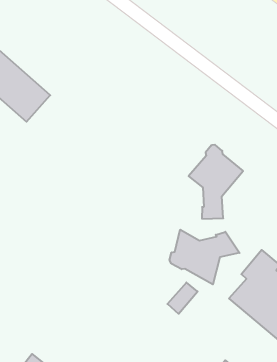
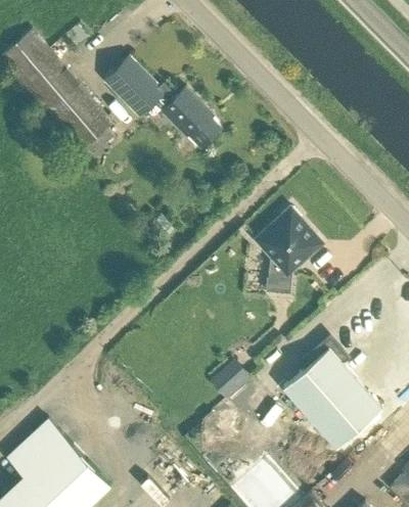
building: none -> [105,59,222,150]
building: [170,230,240,284] -> none

